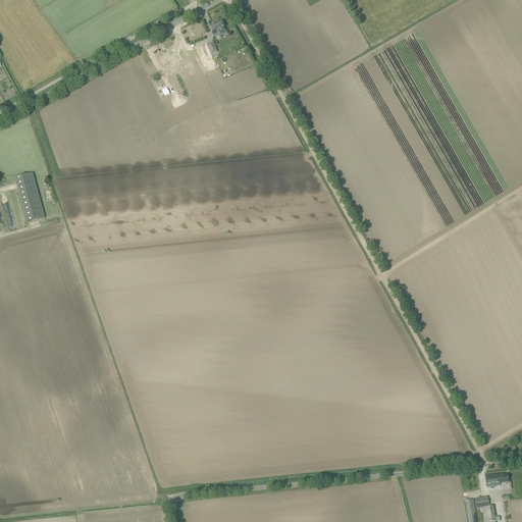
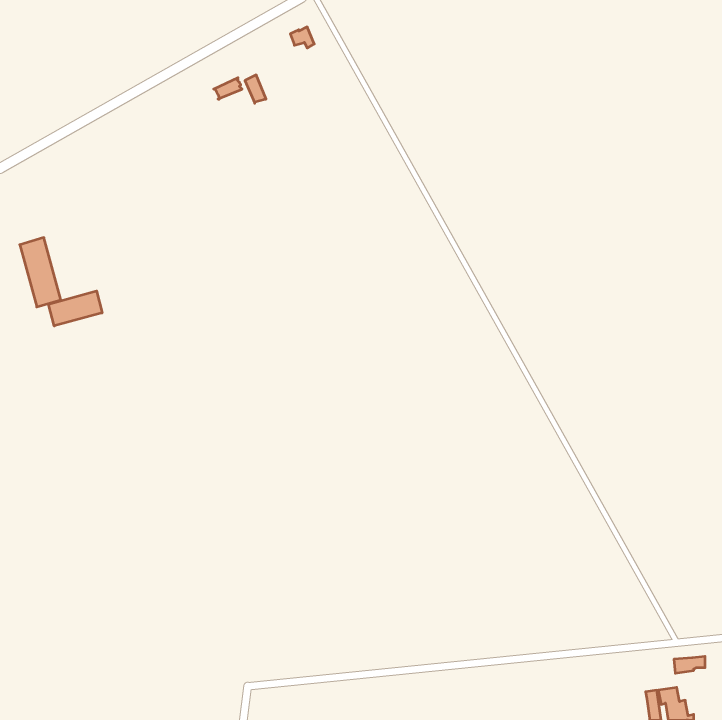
building: none -> [49,291,102,326]

